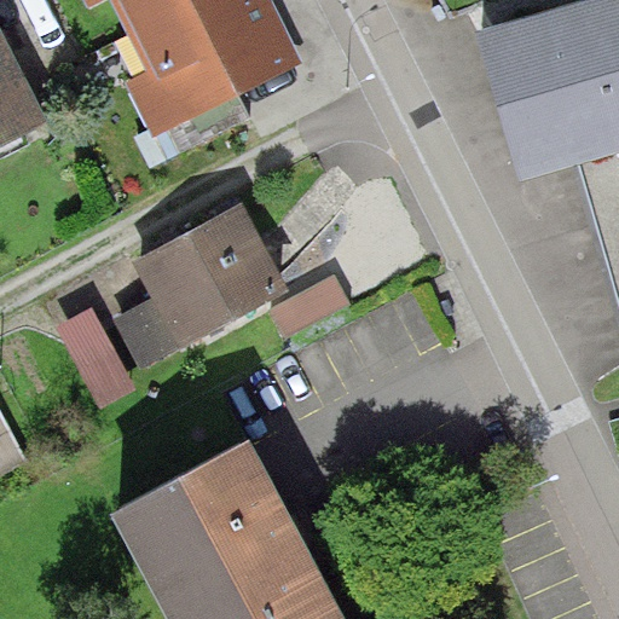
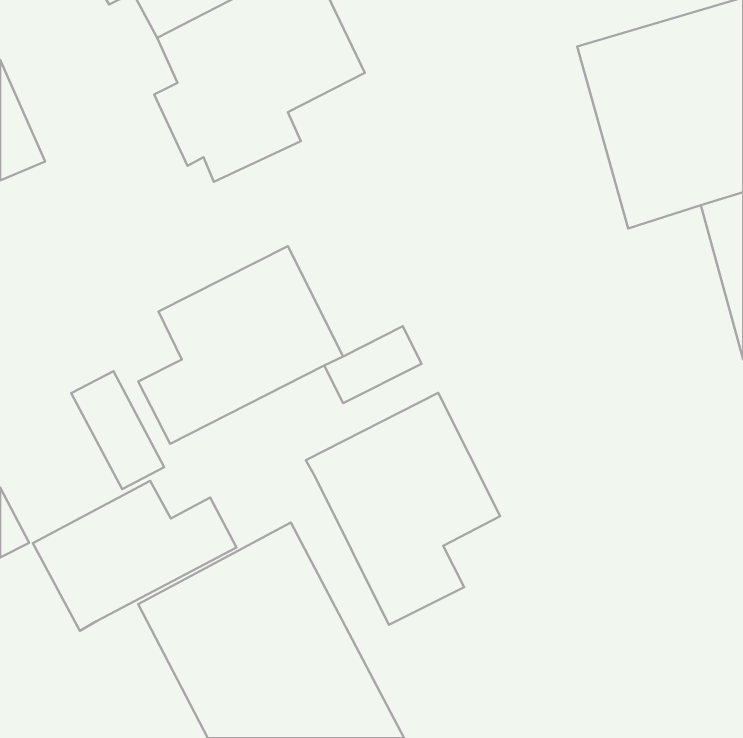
building: none -> [306,393,500,625]
building: none -> [33,481,236,631]

